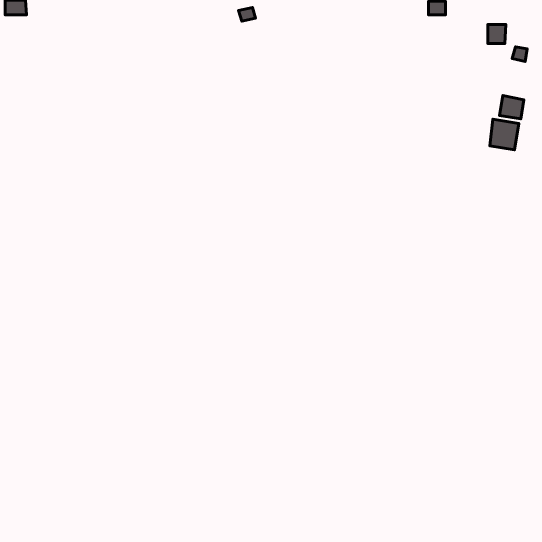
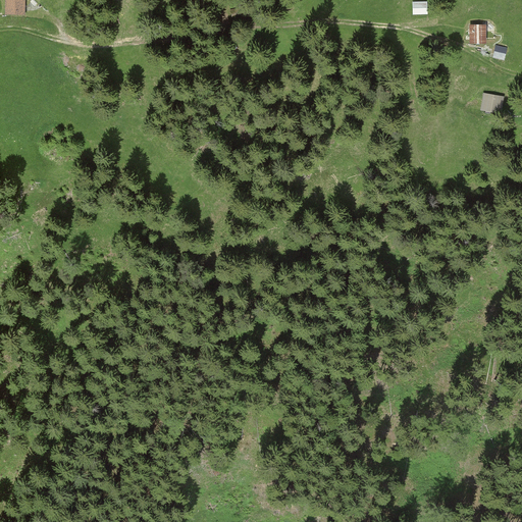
building: [490,119,519,150] -> none

